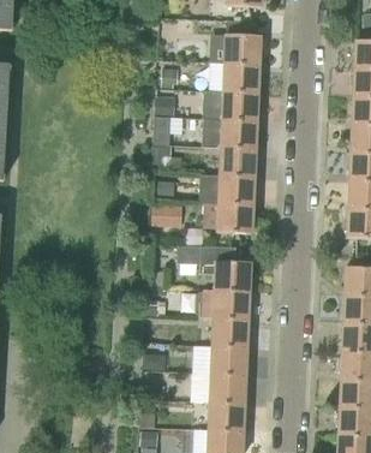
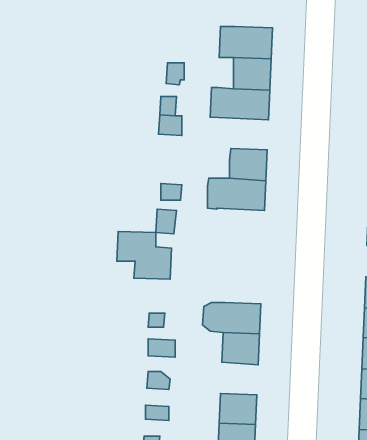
building: [203,118,257,148] -> none
building: [209,202,253,233] -> none
building: [201,246,251,291] -> [117,231,171,279]
building: [213,345,247,375] -> none

